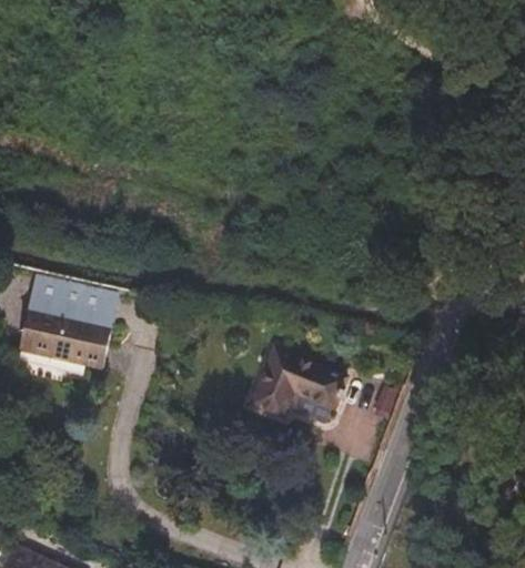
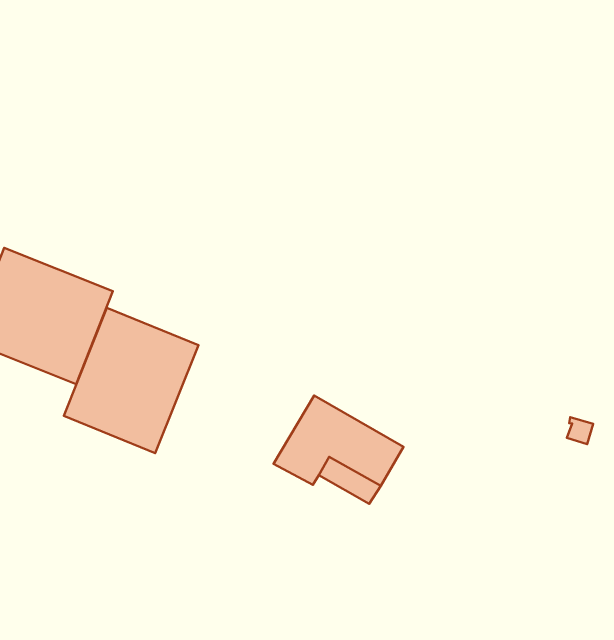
building: none -> [64,308,199,453]

